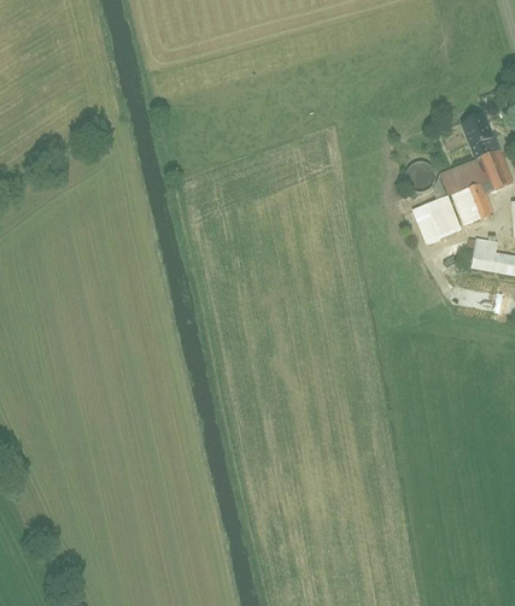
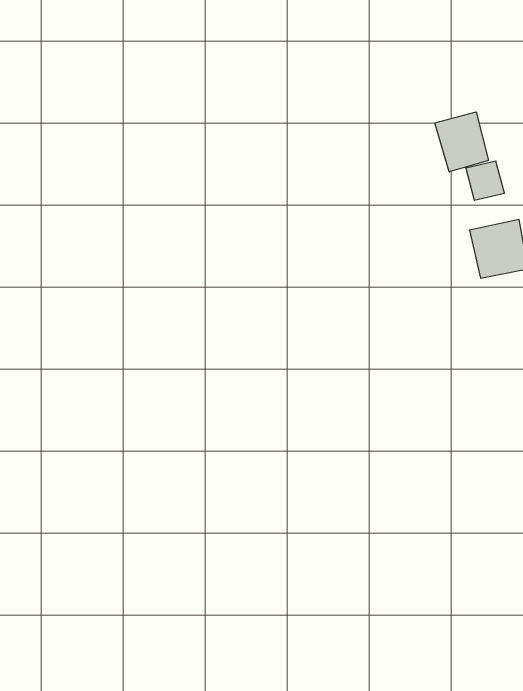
building: none -> [435,112,488,172]

